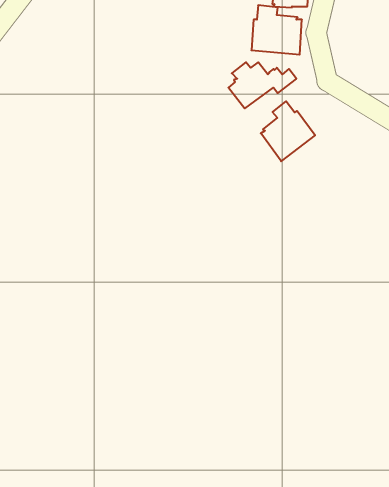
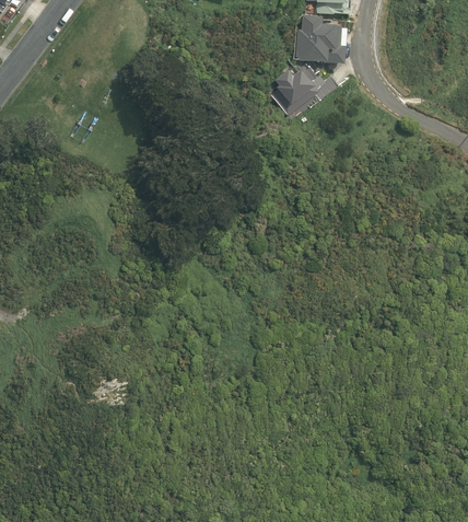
building: [261,101,315,161] -> none

